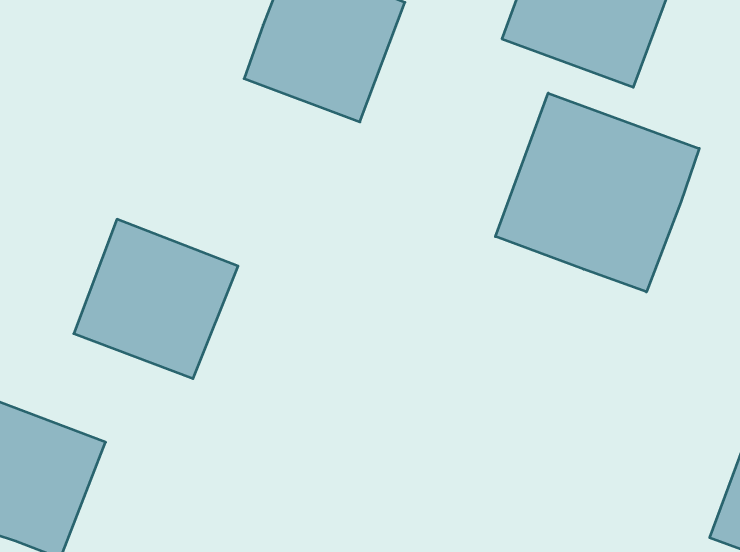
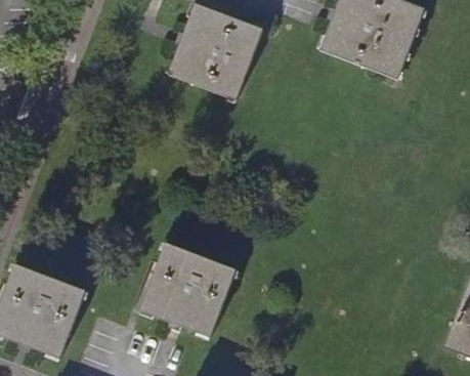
building: [495,93,699,292] -> none
building: [74,219,238,379] -> [139,243,237,337]

